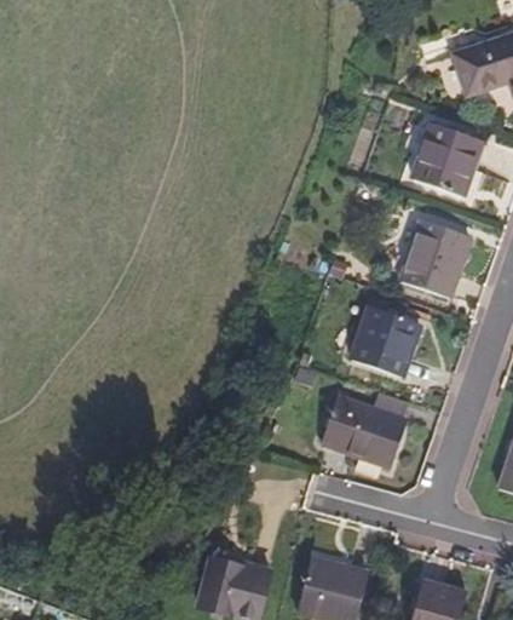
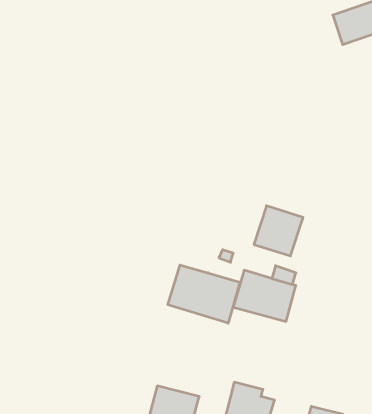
building: [408,121,475,194] -> none
building: [393,219,465,298] -> none
building: none -> [168,265,240,323]

